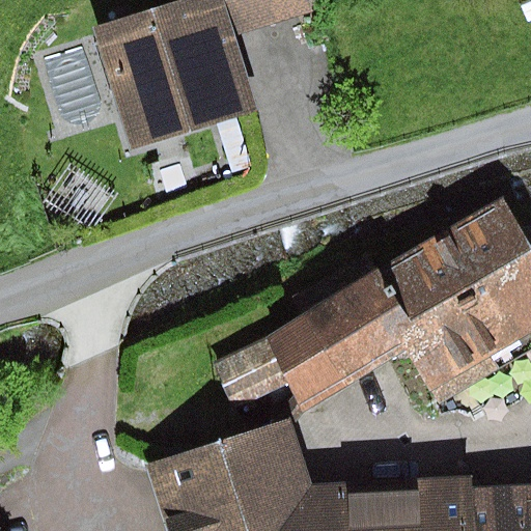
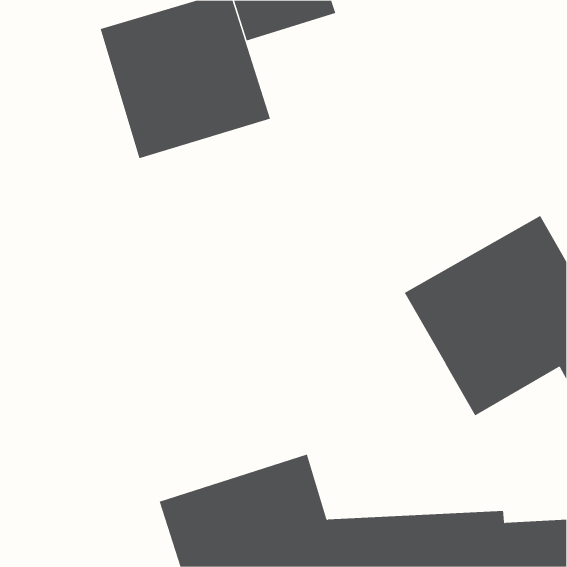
building: [216,257,416,415] -> none

